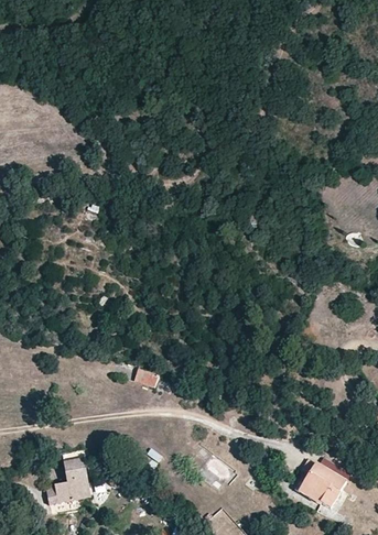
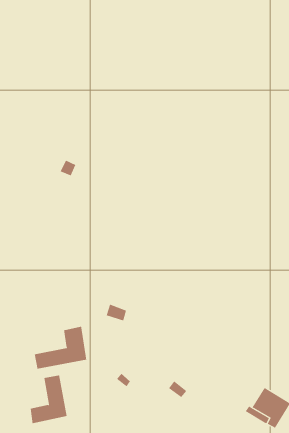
building: none -> [34,326,87,369]

